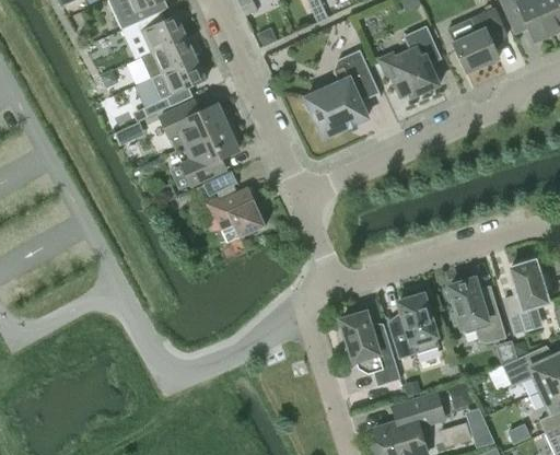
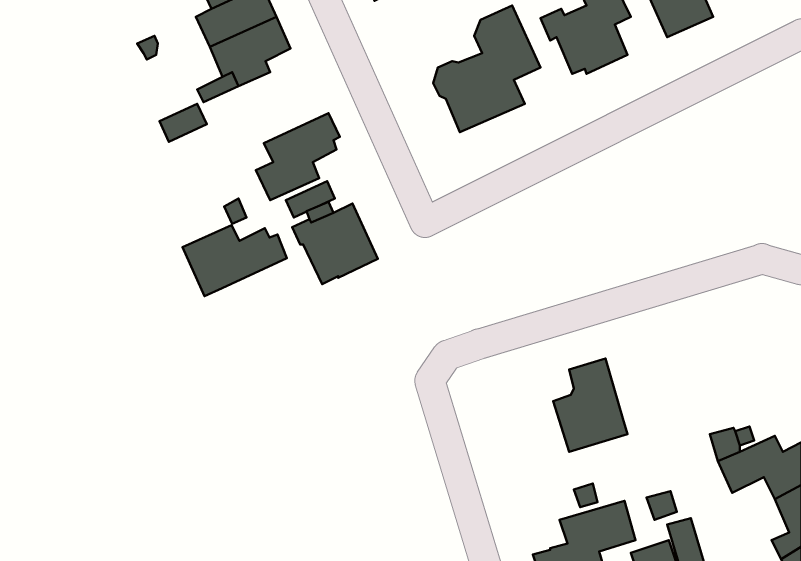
building: [160,102,232,151] -> [182,225,287,296]
building: [503,260,547,334] -> none
building: [446,279,505,343] -> none
building: [340,312,400,386] -> none

